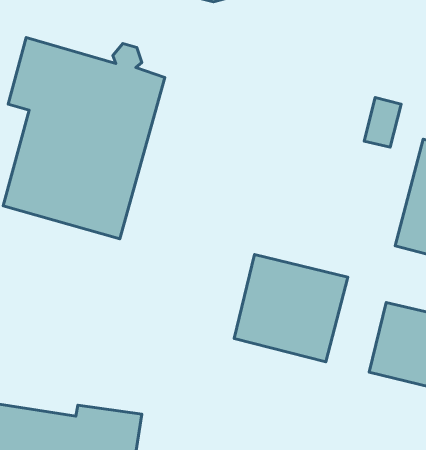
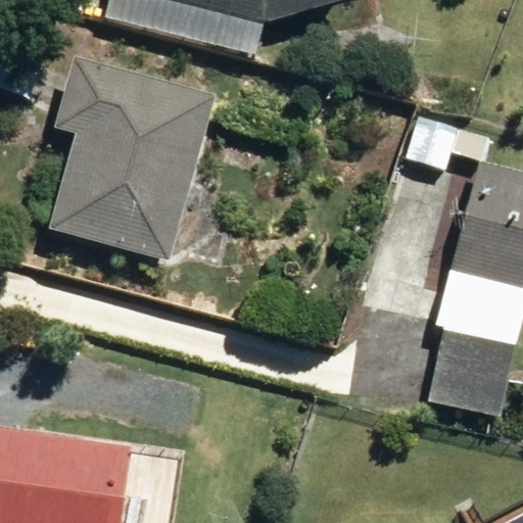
building: [234,255,348,362] -> none

